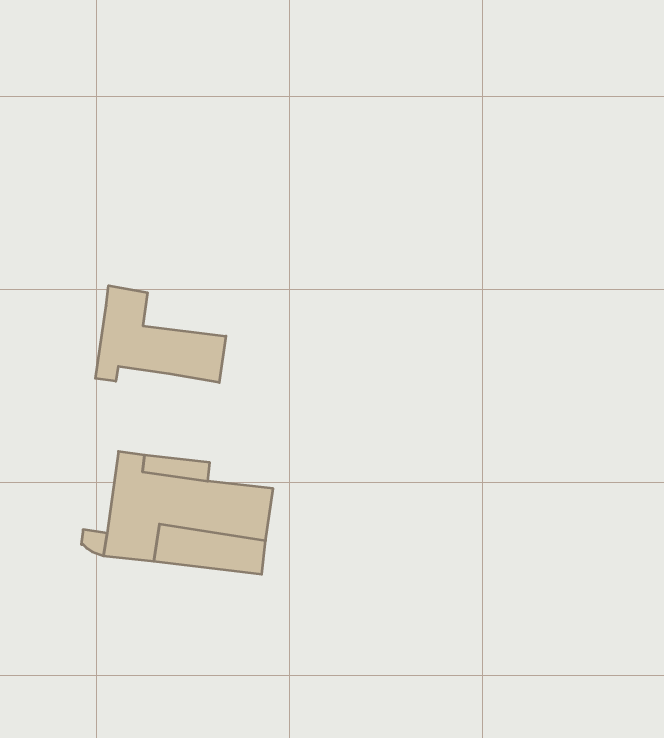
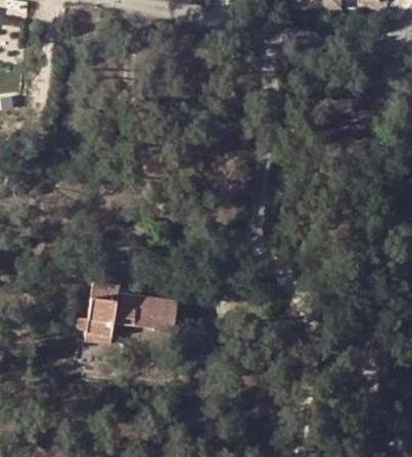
building: [95,286,226,383] -> none

